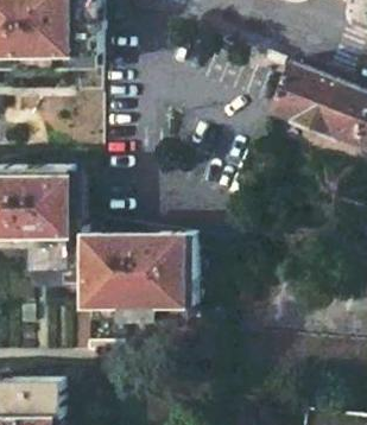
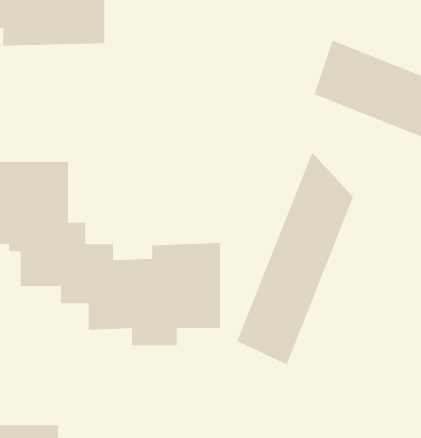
building: none -> [236,151,354,366]

